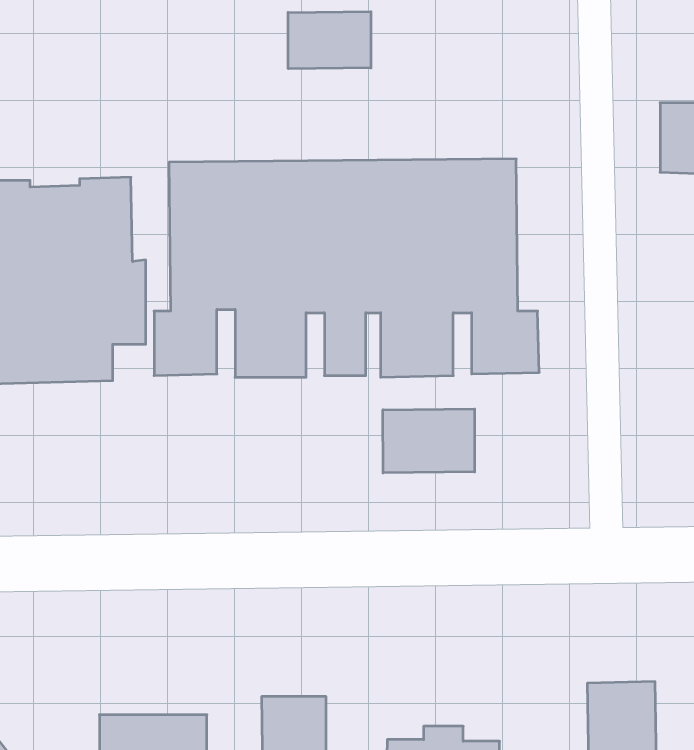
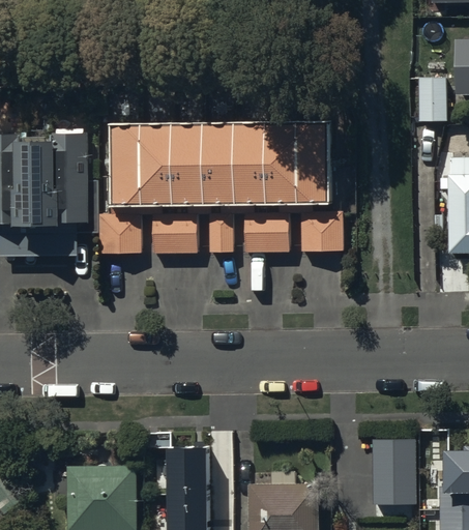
building: [288,12,371,69] -> none
building: [383,409,475,473] -> none

